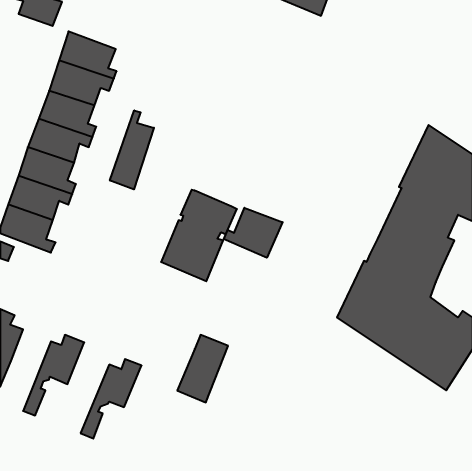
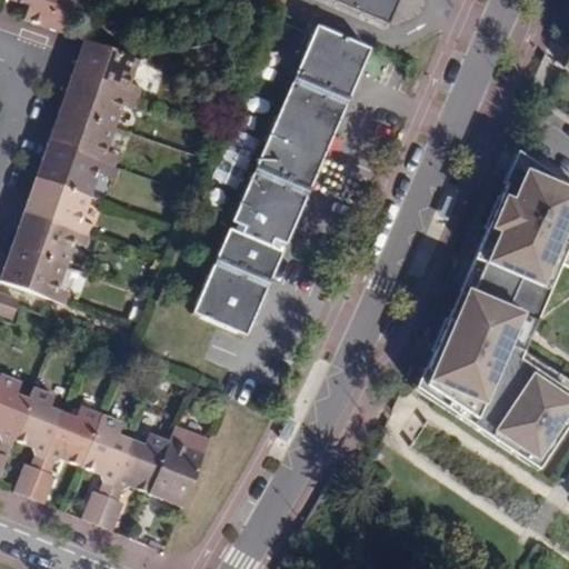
building: none -> [222,26,371,248]
building: [110,110,154,189] -> none
building: [224,208,283,258] -> none
building: none -> [13,385,62,493]
building: [177,335,228,402] -> [150,422,211,503]
building: none -> [82,411,132,520]

